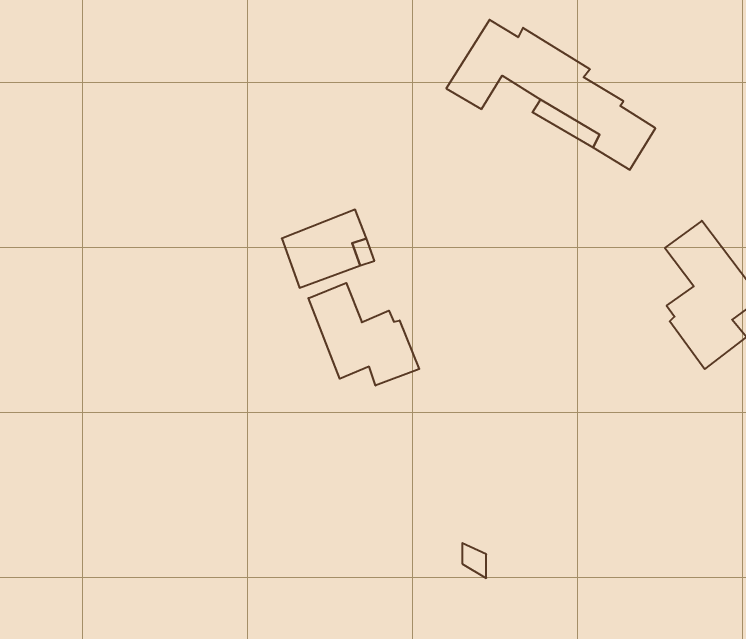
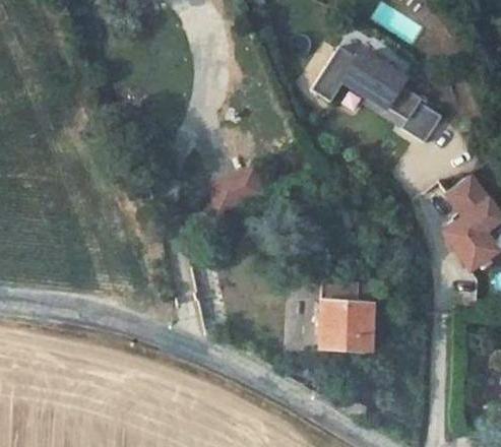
building: [308,283,419,386] -> none
building: none -> [319,300,370,372]

